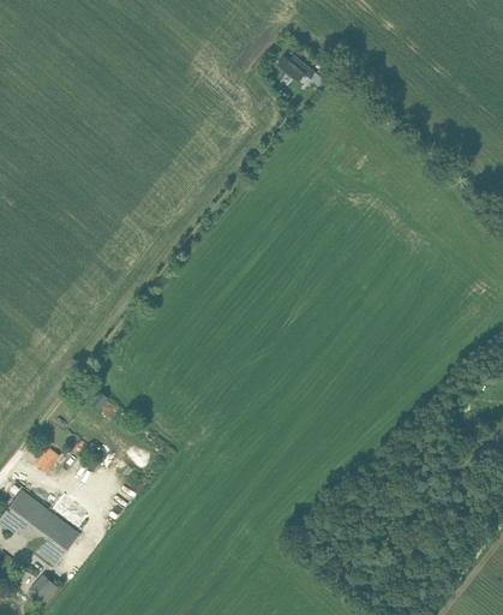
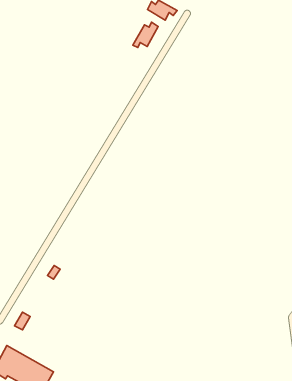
building: none -> [133,22,158,47]

